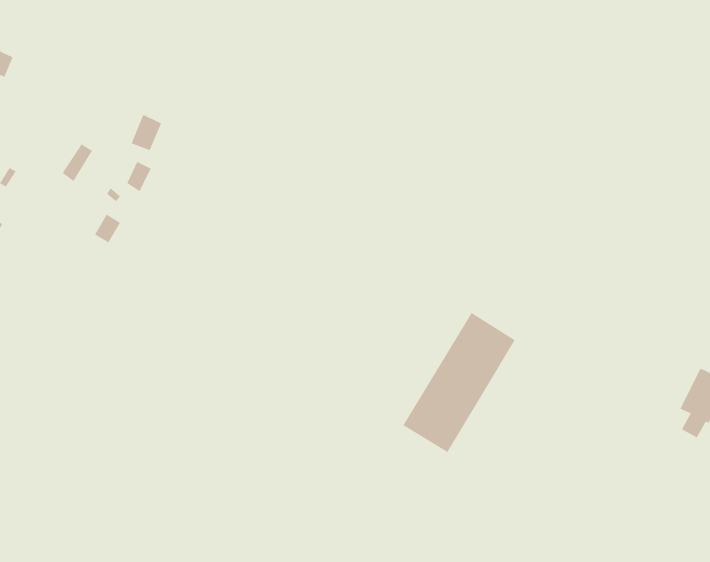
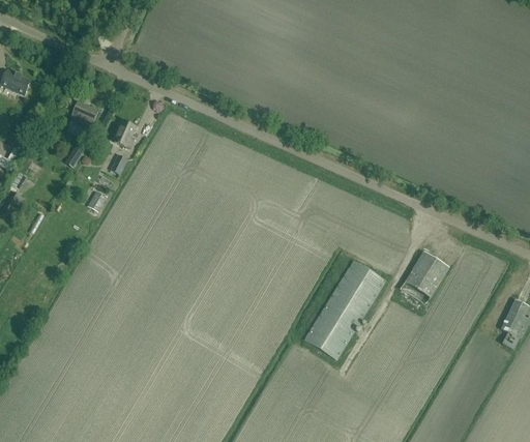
building: none -> [69,99,97,128]
building: none -> [400,251,448,303]

